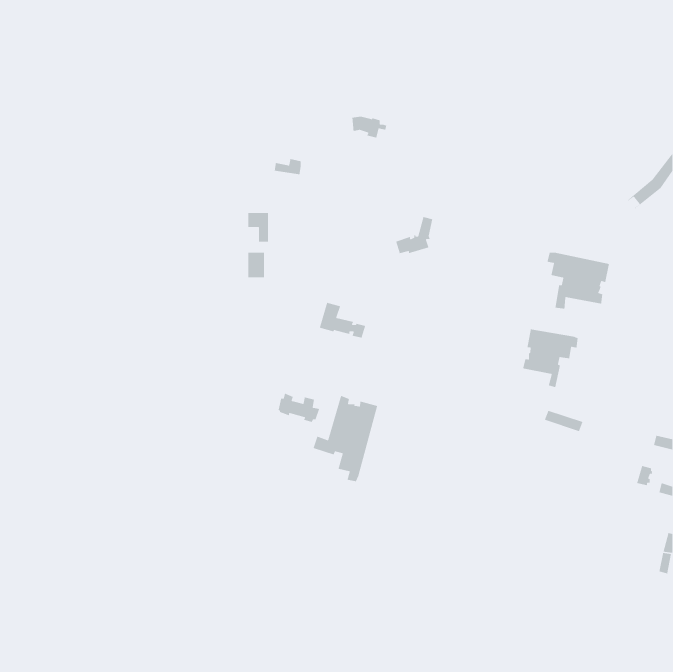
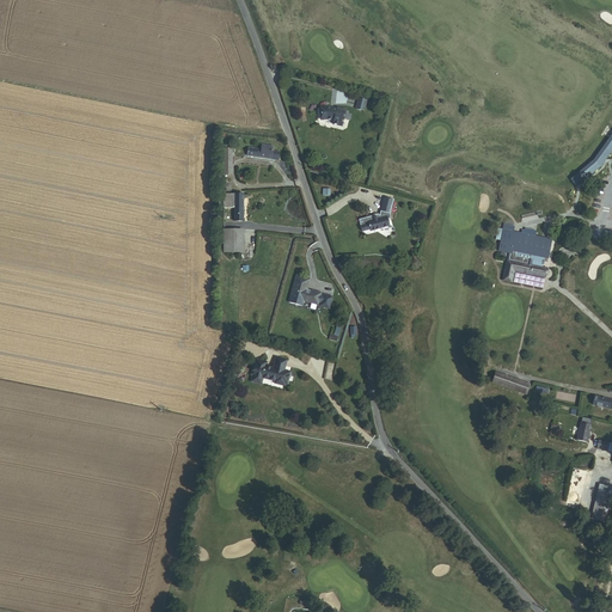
building: [522,329,579,388] -> none
building: [313,395,378,482] -> none

